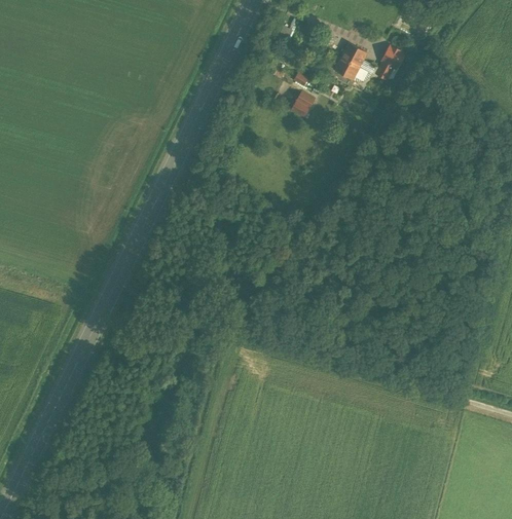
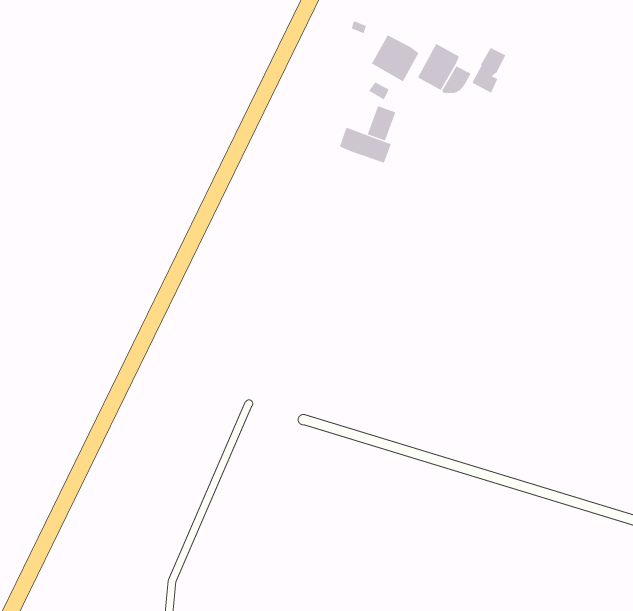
building: none -> [371,34,419,82]
building: none -> [339,127,391,164]

